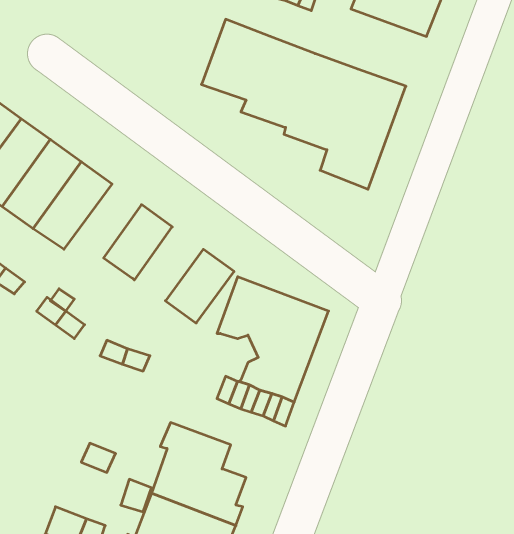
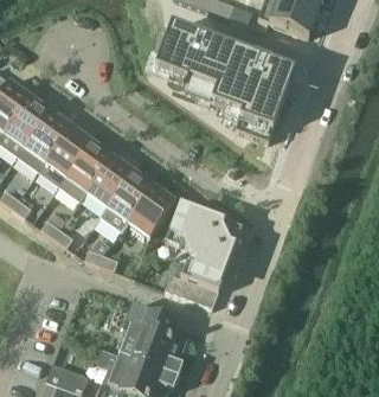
building: none -> [58,140,111,199]
building: none -> [98,169,154,231]

